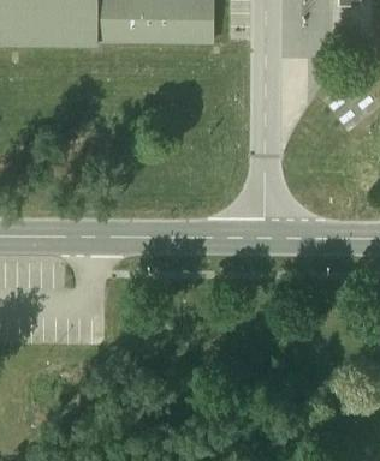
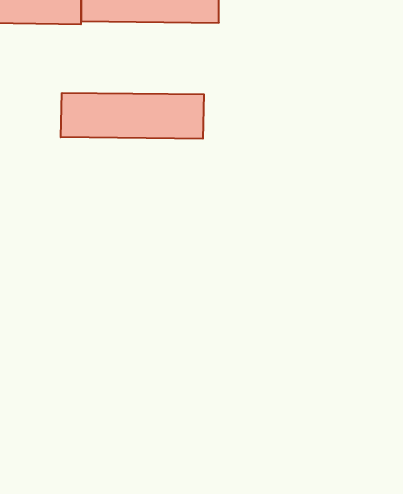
building: none -> [61,93,204,139]

